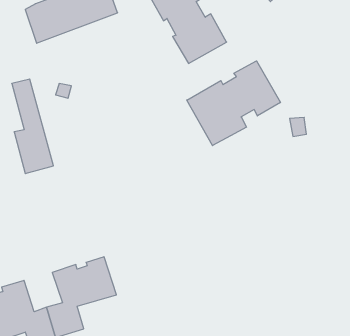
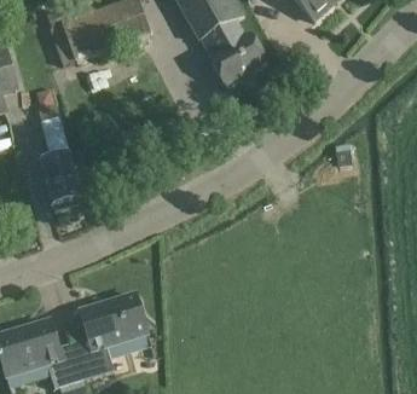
building: [187,61,280,146] -> none

